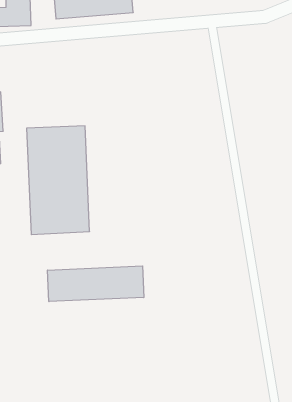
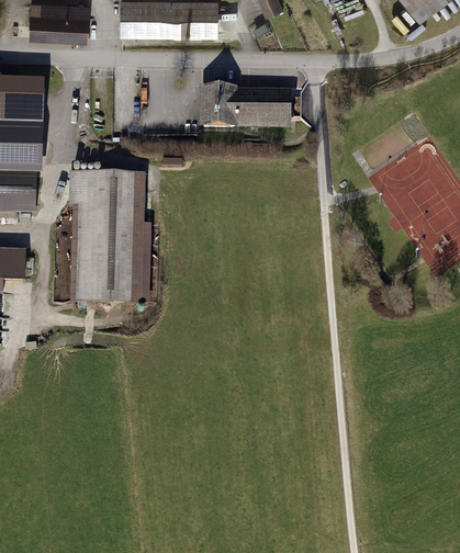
building: none -> [200,84,291,128]
building: [48,266,144,302] -> none

